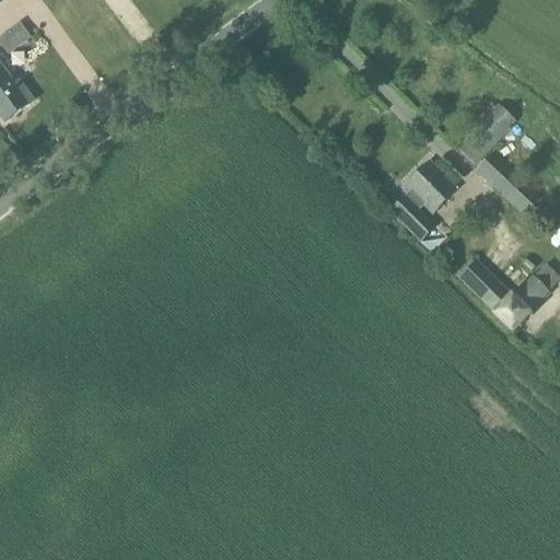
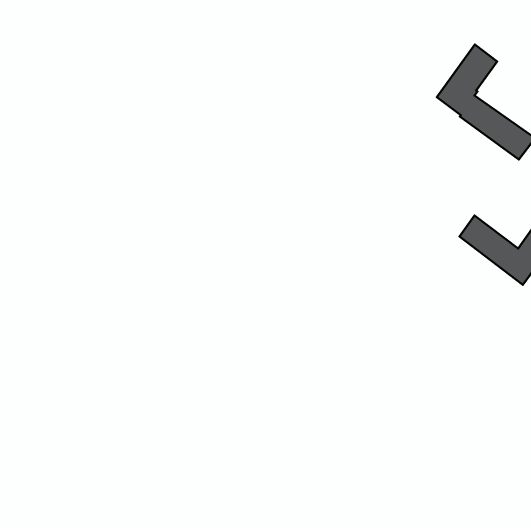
building: [388,159,457,240] -> none

